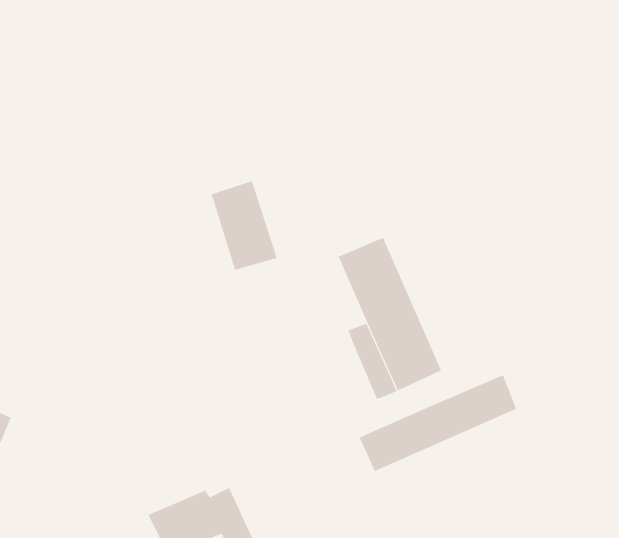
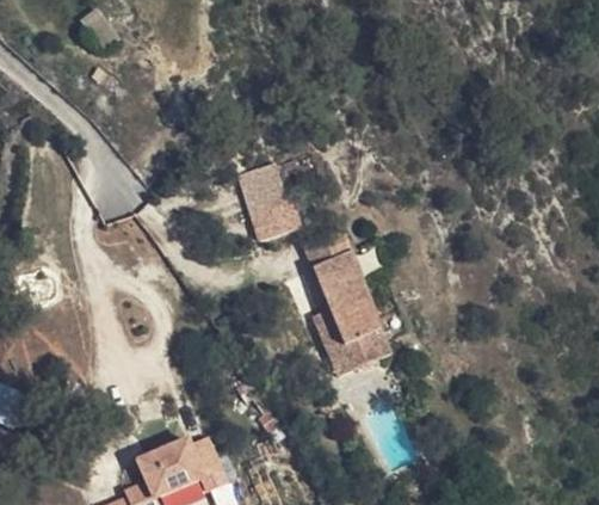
building: [211,180,278,271] -> [239,165,296,242]
building: [359,374,517,472] -> none

